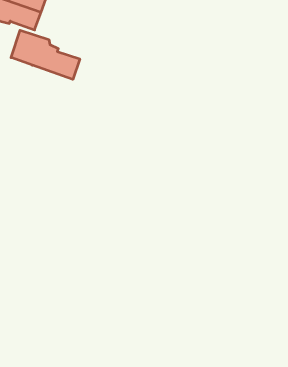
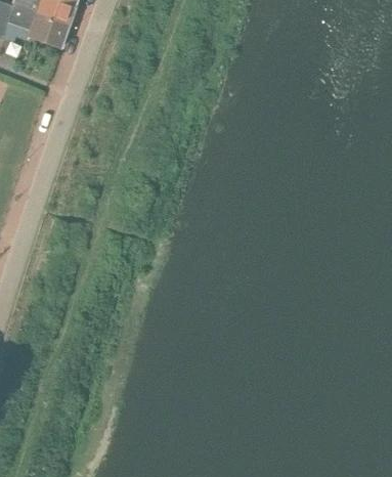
building: [11,30,80,79] -> none

